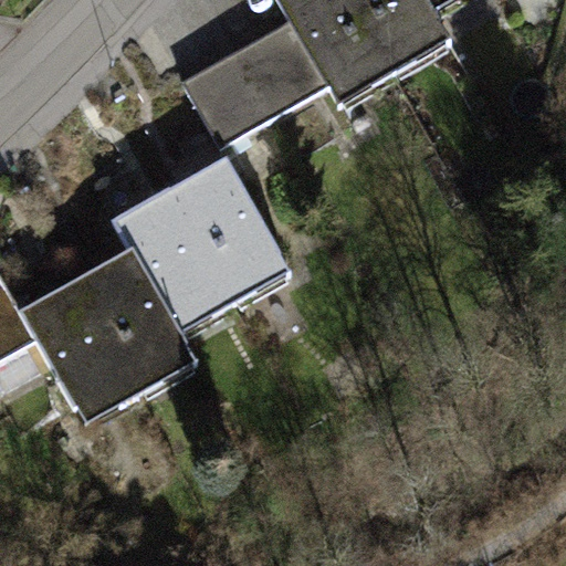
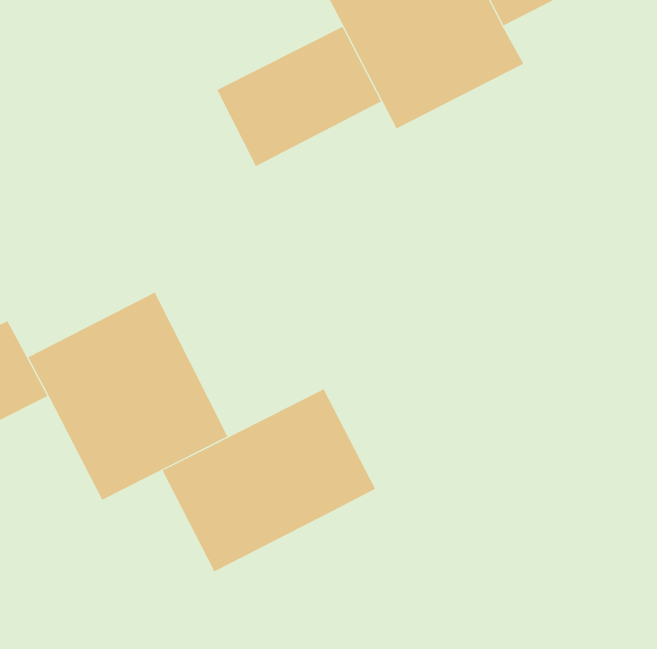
building: [114,160,285,337] -> none
building: none -> [162,388,376,572]

